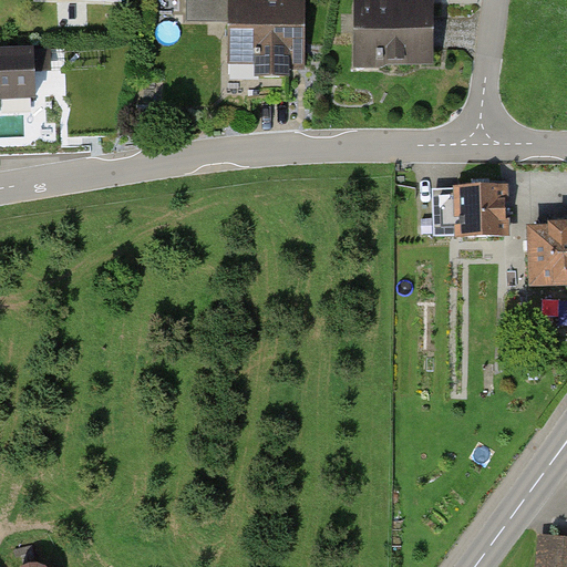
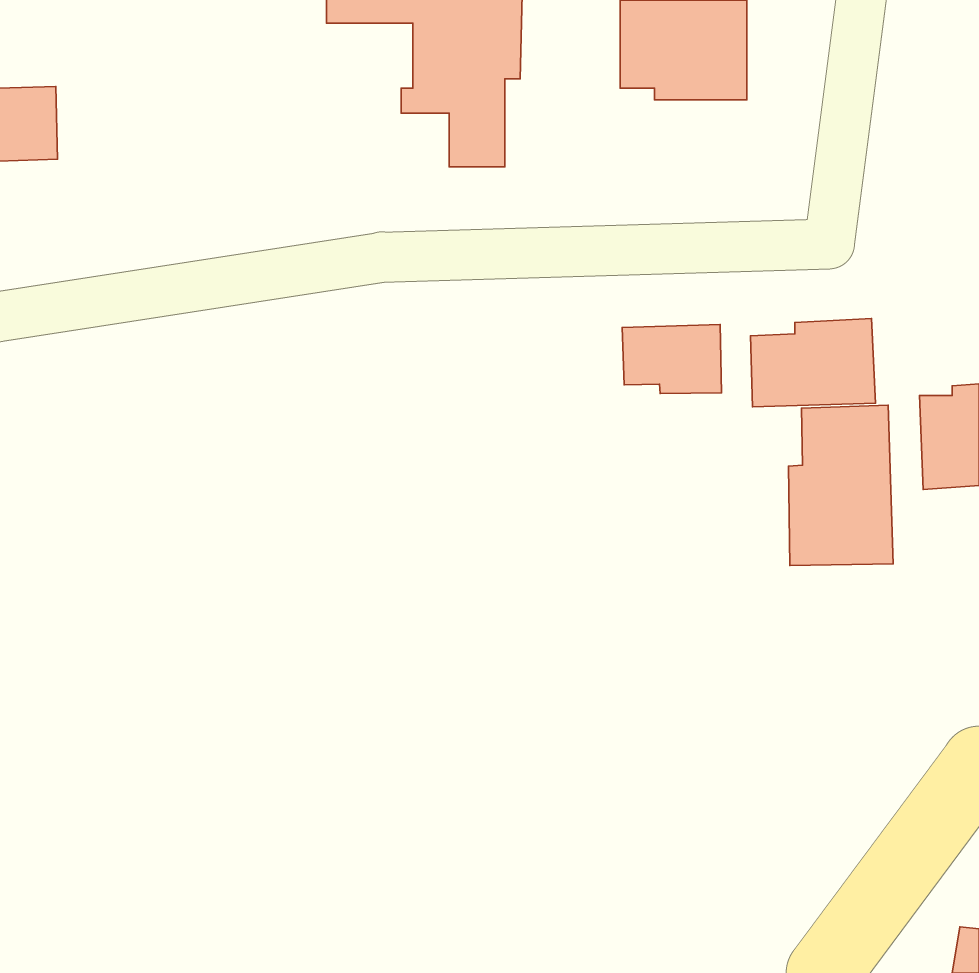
building: none -> [622,324,721,394]
building: none -> [788,405,893,566]

